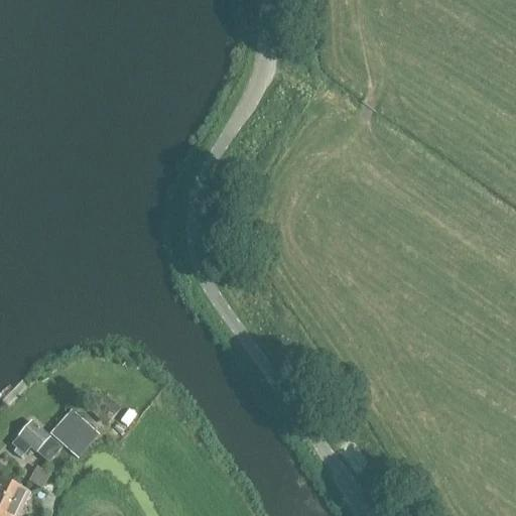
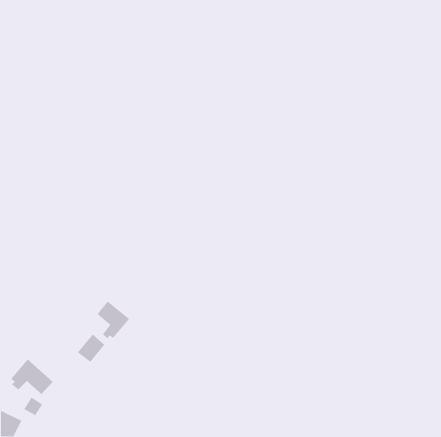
building: none -> [97,300,130,339]
building: [49,407,100,458] -> none

